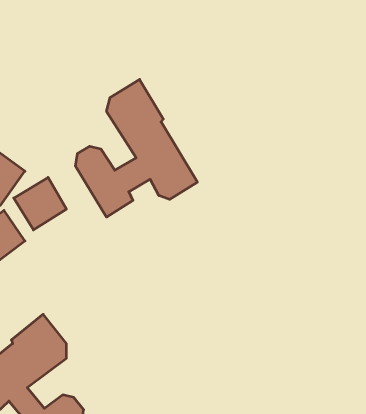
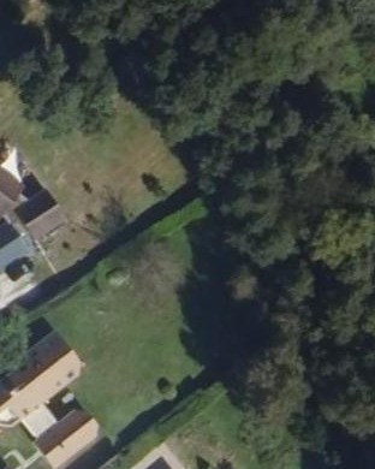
building: [76,79,197,217] -> none

